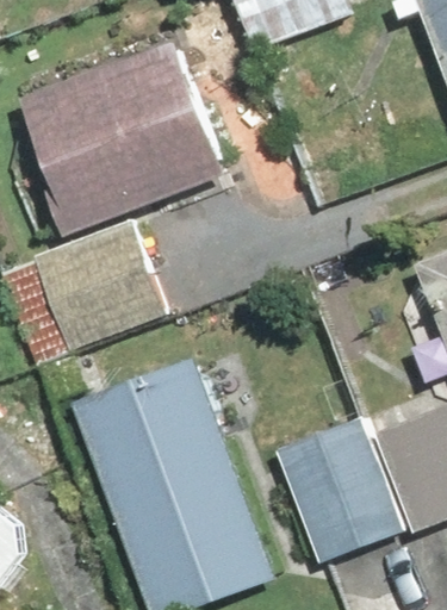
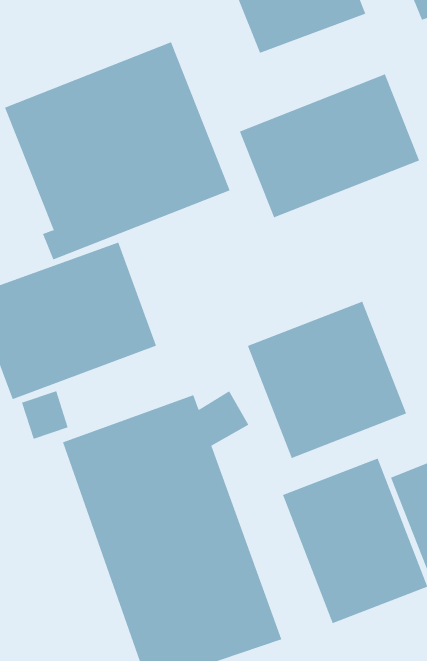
building: none -> [239,74,420,218]
building: none -> [247,301,407,459]

